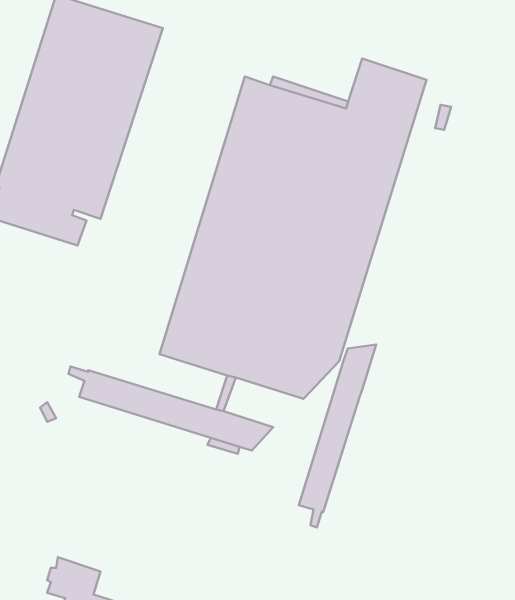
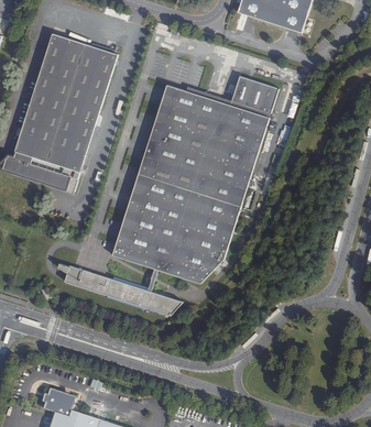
building: [299,344,376,527] -> none

